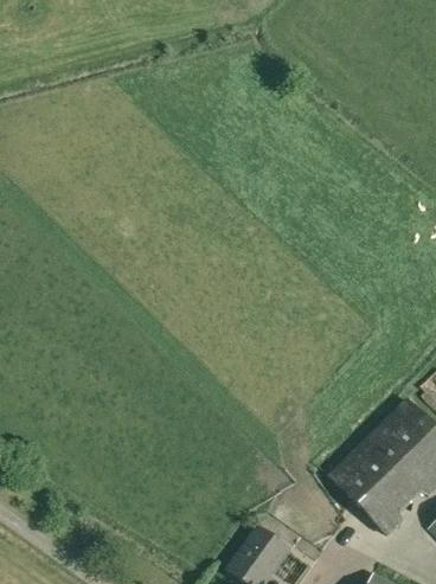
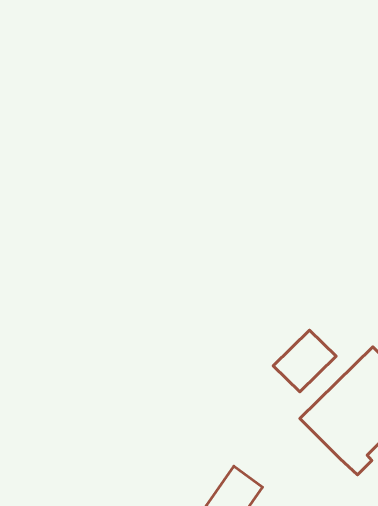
building: none -> [273,330,336,392]

